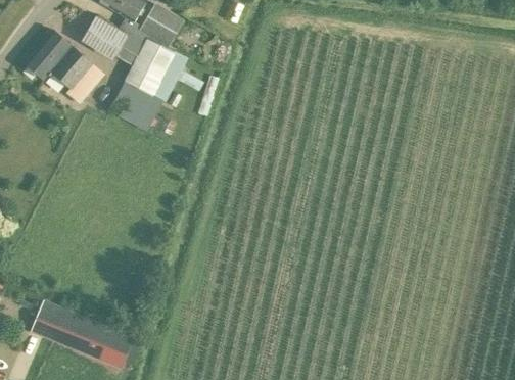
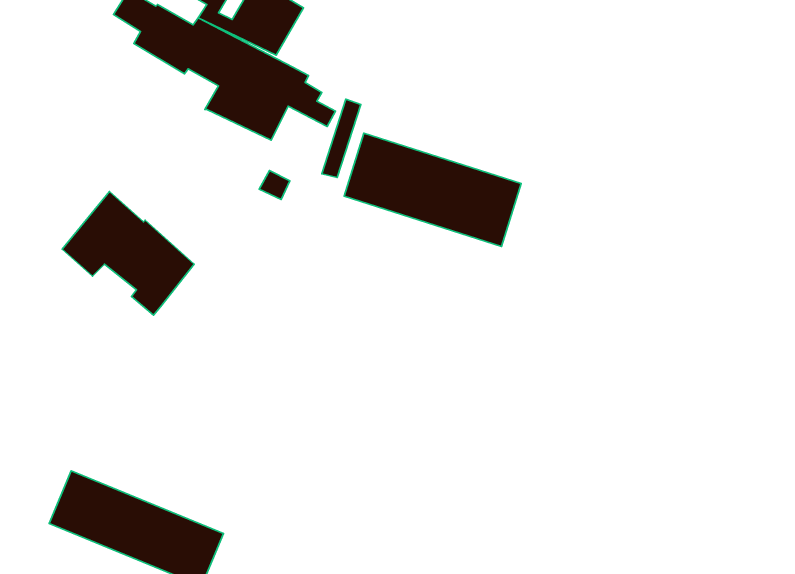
building: [24,29,103,103] -> [62,191,194,315]
building: none -> [344,133,521,246]

